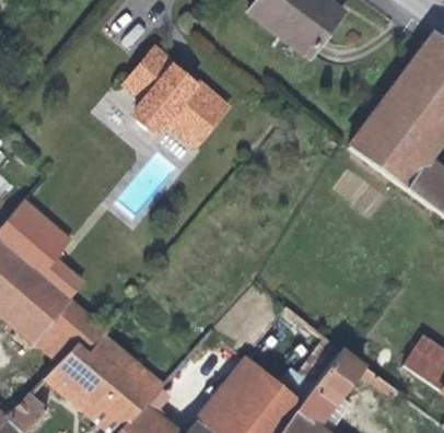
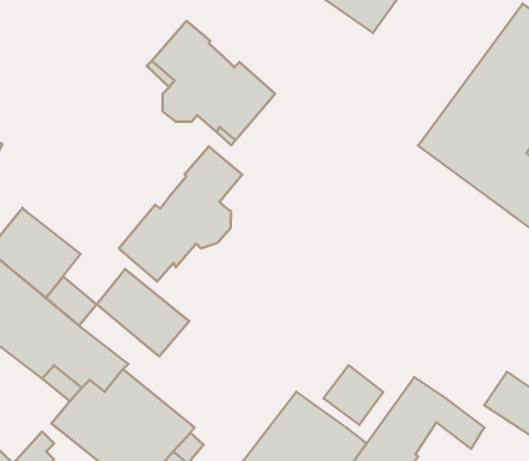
building: none -> [119,146,242,281]
building: none -> [96,269,189,356]
building: none -> [324,365,383,425]

